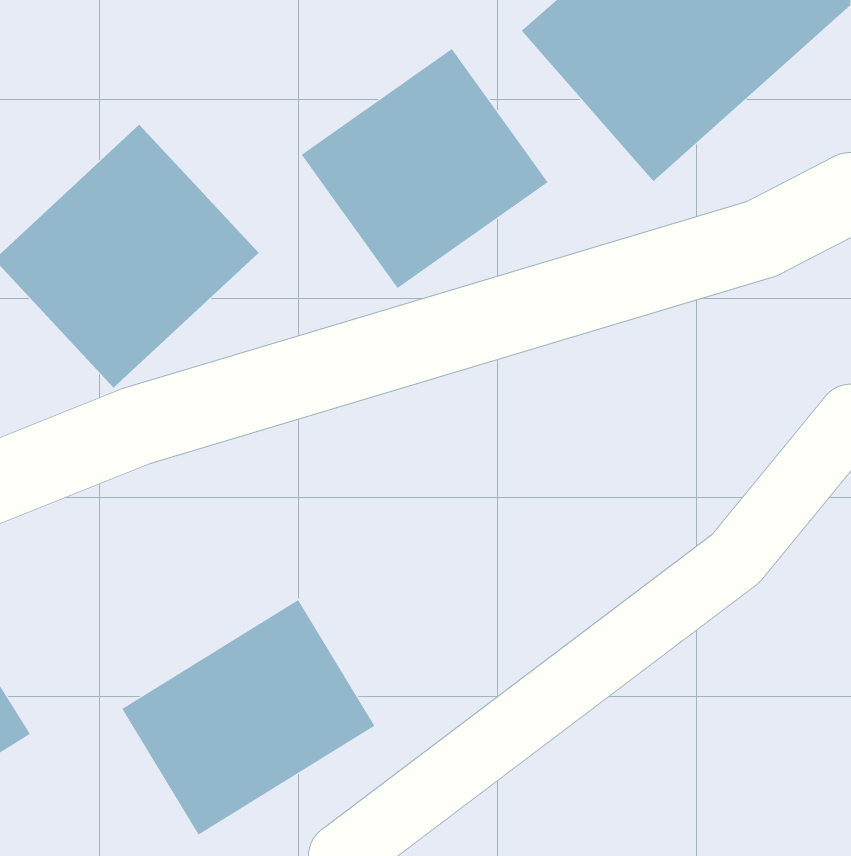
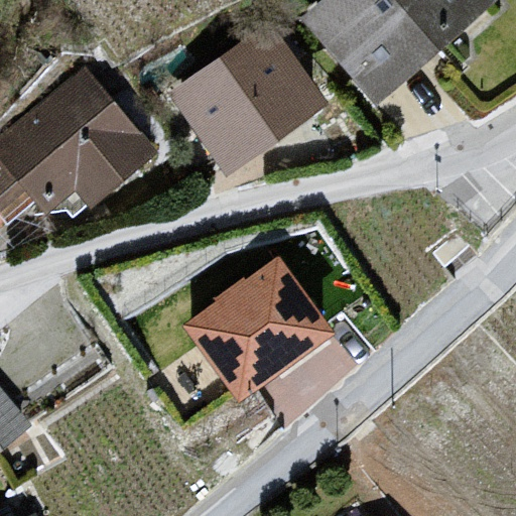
building: none -> [164,234,320,384]
building: [122,599,375,836] -> none

